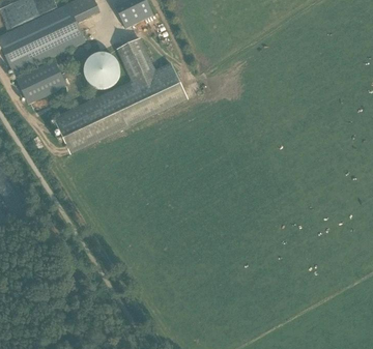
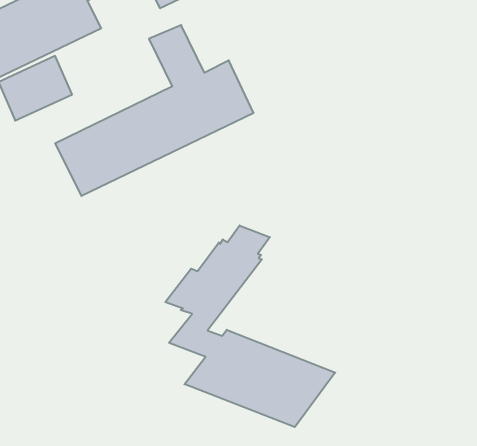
building: [85,53,118,87] -> none
building: none -> [165,225,335,427]

